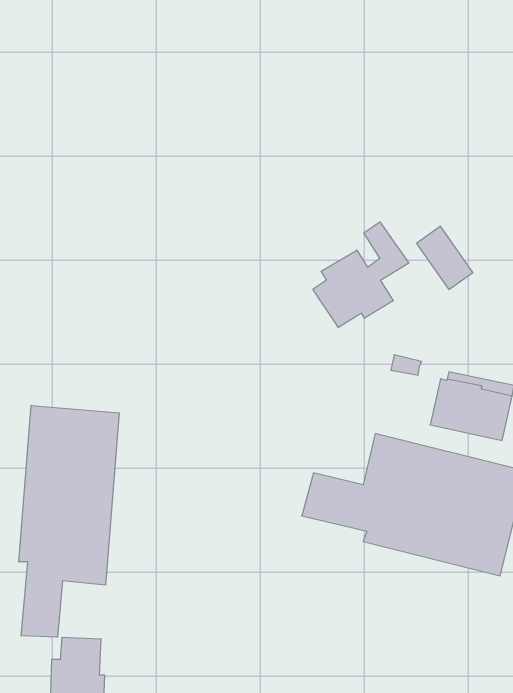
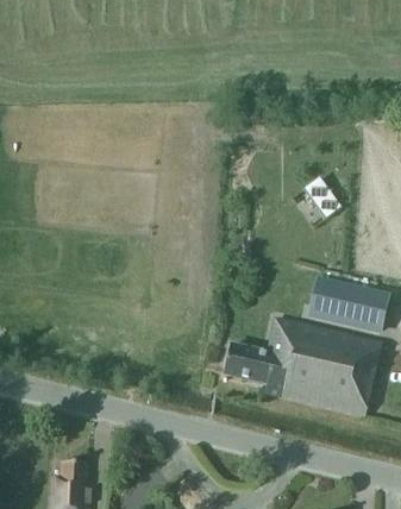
building: [313,222,409,328] -> none
building: [19,405,119,637] -> none

